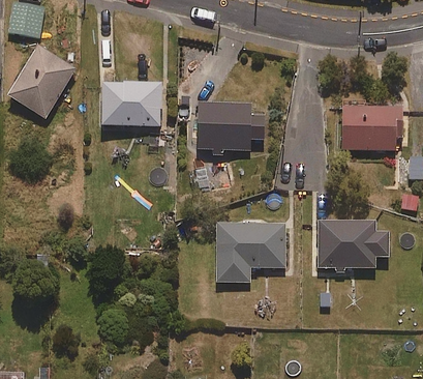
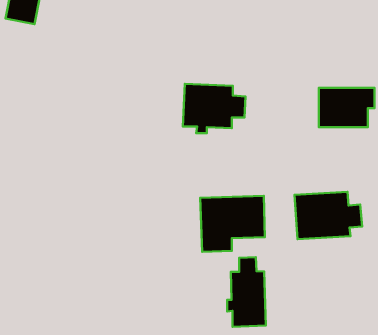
building: [7,46,75,118] -> none
building: [101,82,160,125] -> none
building: none -> [227,257,266,327]

